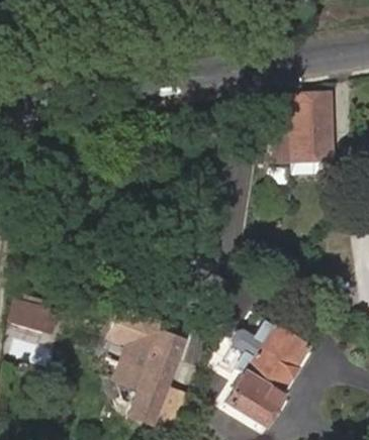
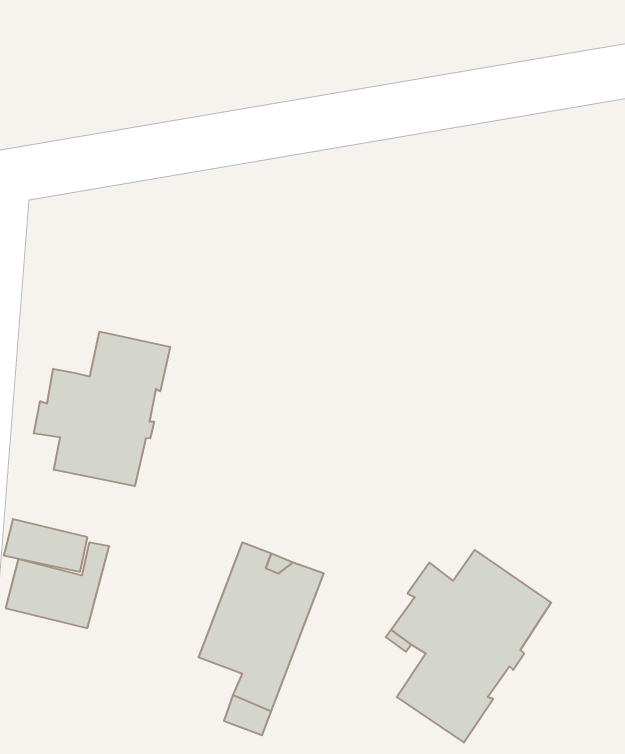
building: [273,94,331,176] -> none
building: none -> [34,332,170,486]

